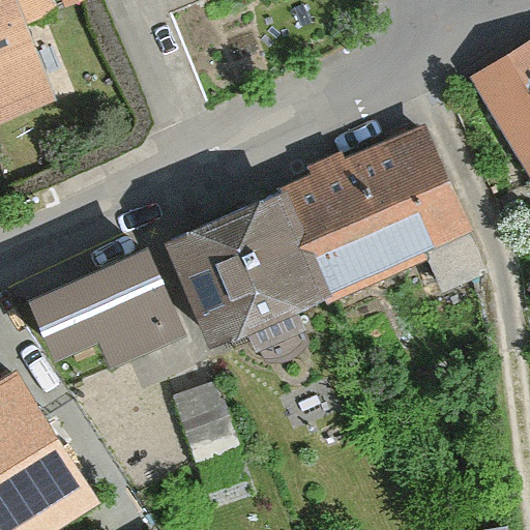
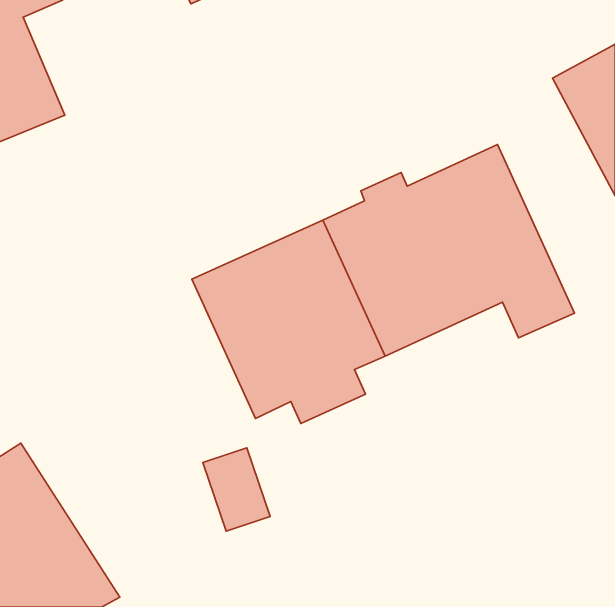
building: [31,256,186,372] -> none

